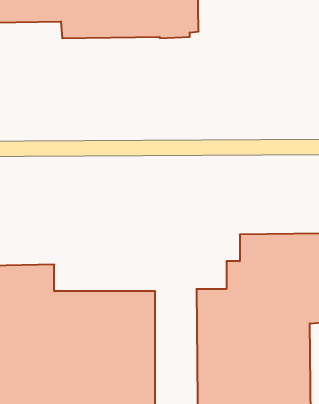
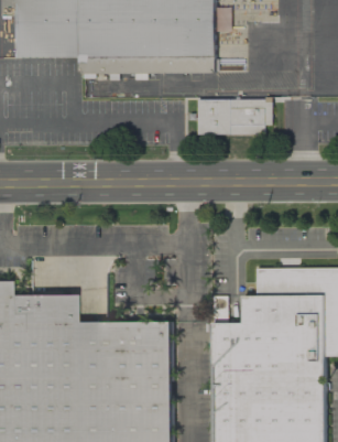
building: none -> [198,98,273,134]

